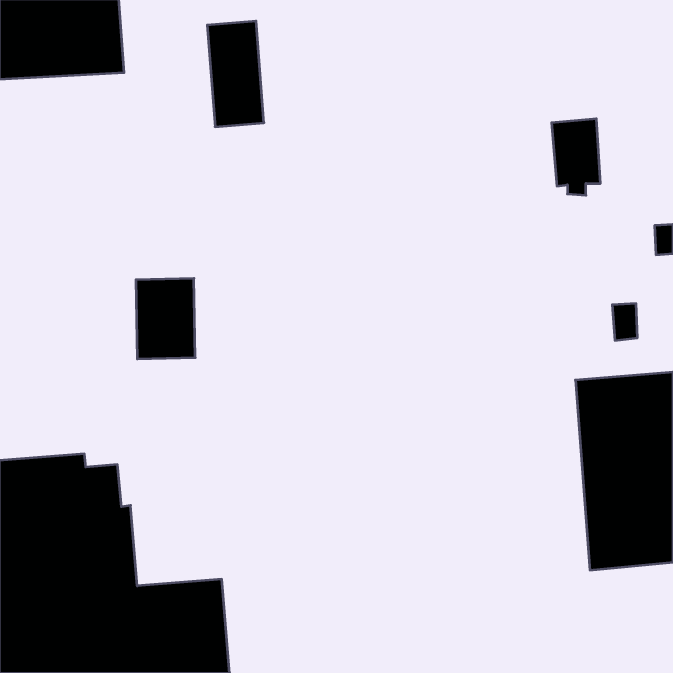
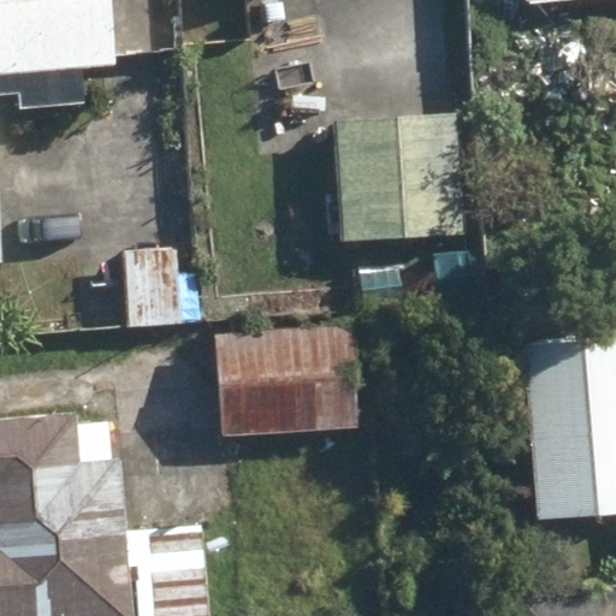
building: none -> [336,114,463,241]
building: none -> [214,327,396,438]

